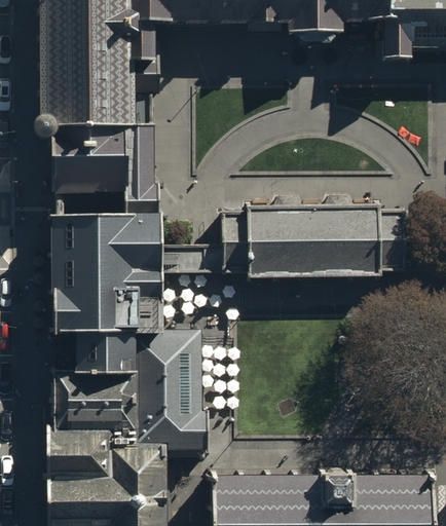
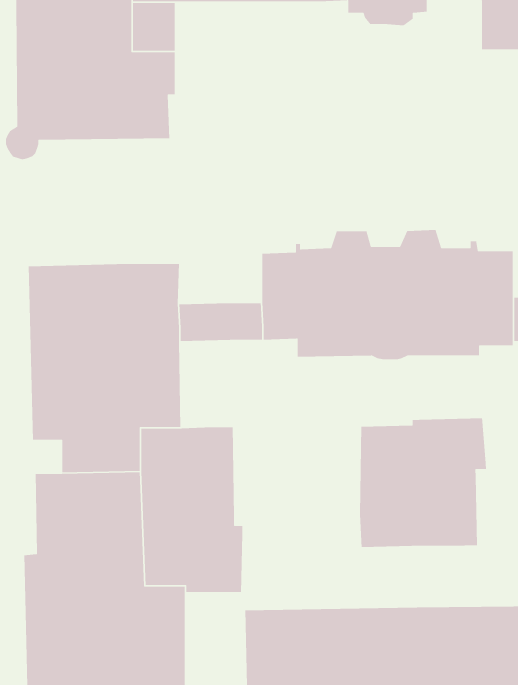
building: [54,124,162,215] -> none
building: none -> [359,417,487,548]

